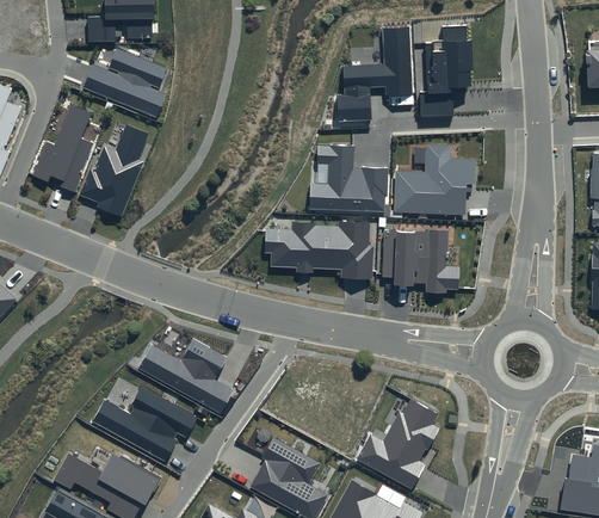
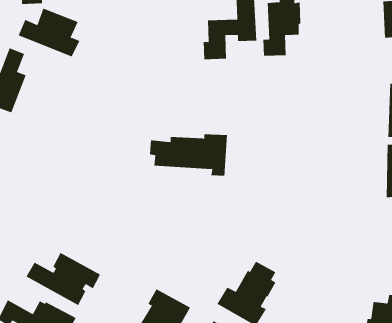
building: [80,127,152,218] -> none
building: [308,144,385,210] -> none
building: [395,146,470,216] -> none
building: [381,229,458,294] -> none
building: [138,338,231,412] -> none

